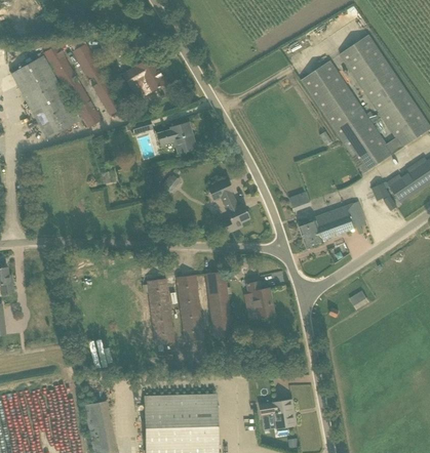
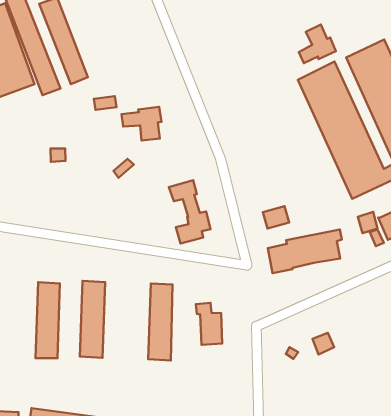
building: none -> [299,24,336,63]
building: [123,58,165,91] -> none
building: [177,276,203,342] -> [36,282,60,358]

